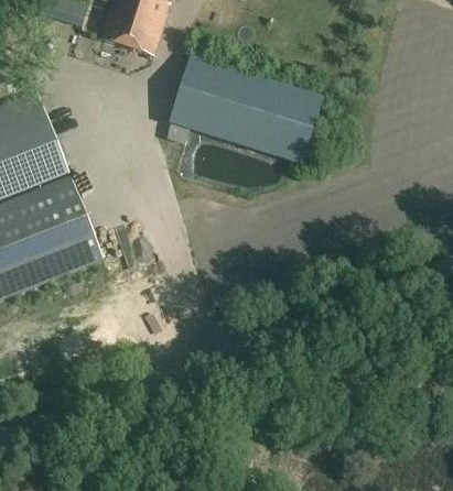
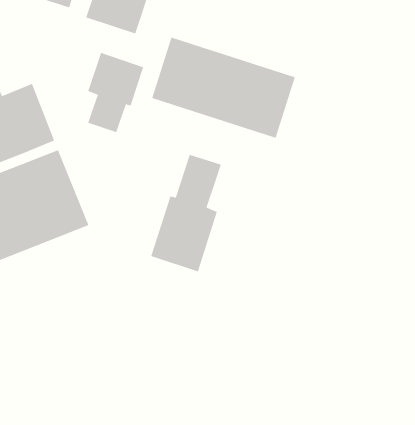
building: none -> [87,52,144,133]
building: none -> [150,154,222,272]

